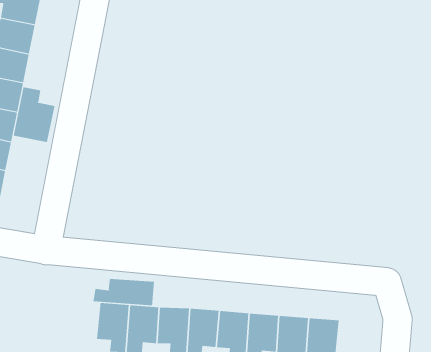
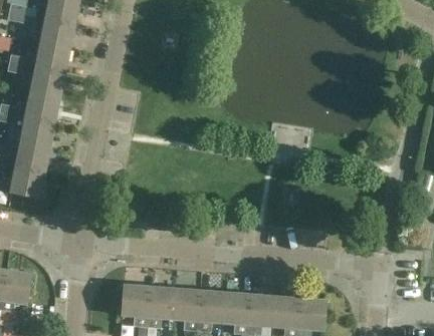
building: [13,87,55,143] -> none
building: [93,278,154,306] -> none

